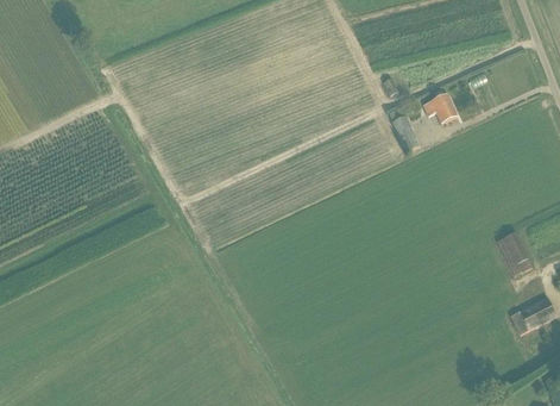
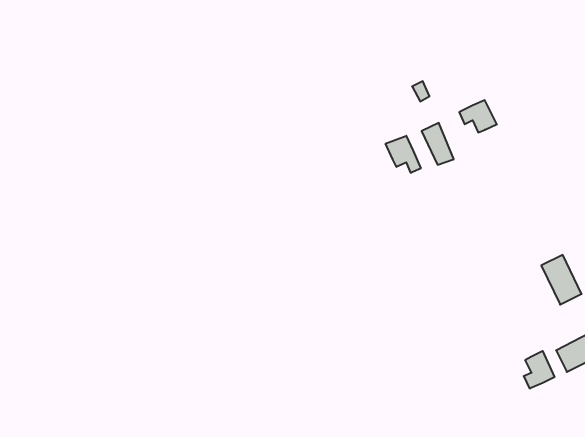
building: none -> [386,136,421,173]
building: none -> [524,351,554,389]

